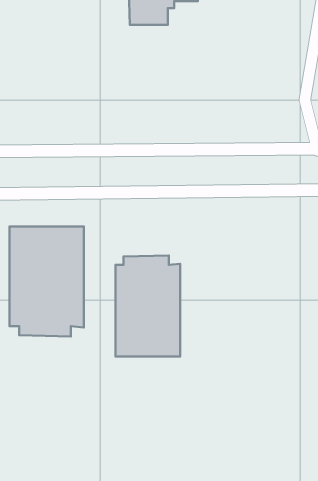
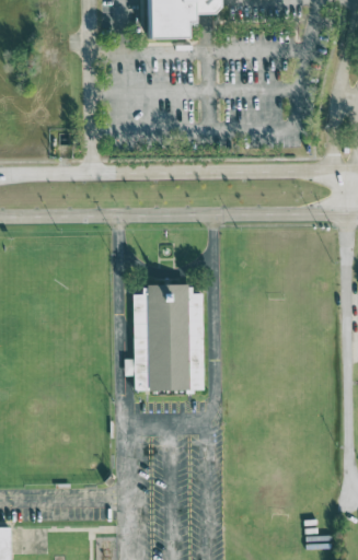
building: [10,226,84,336] -> none

